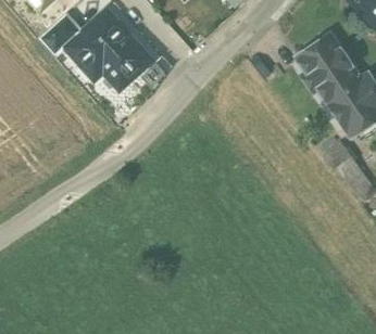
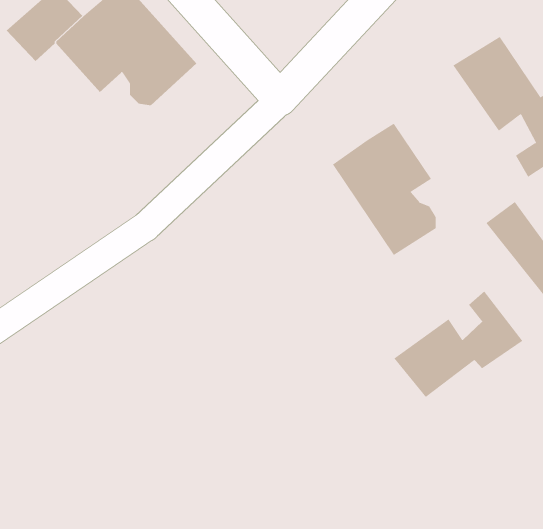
building: none -> [332,123,436,256]
building: none -> [394,290,523,398]

